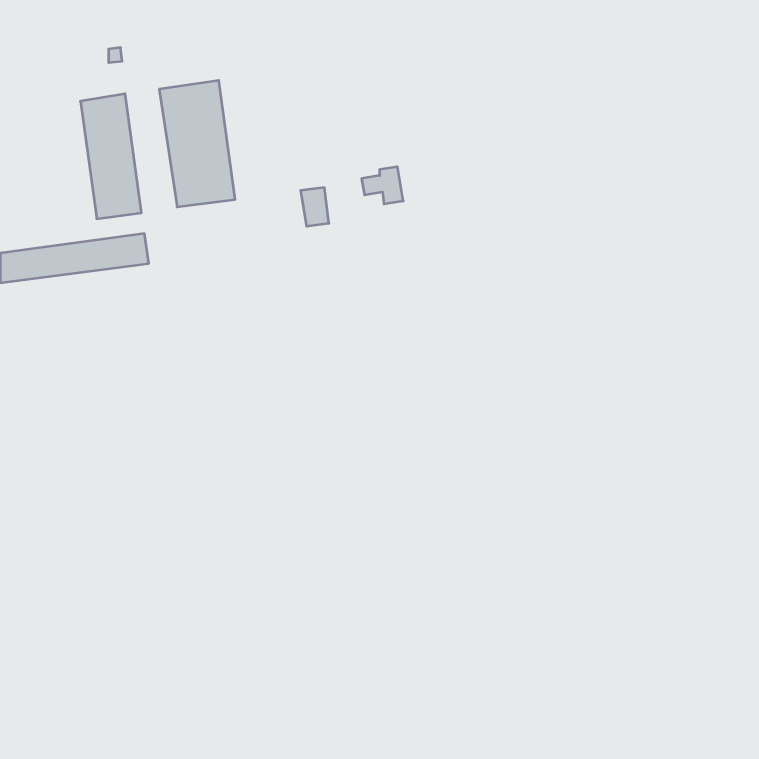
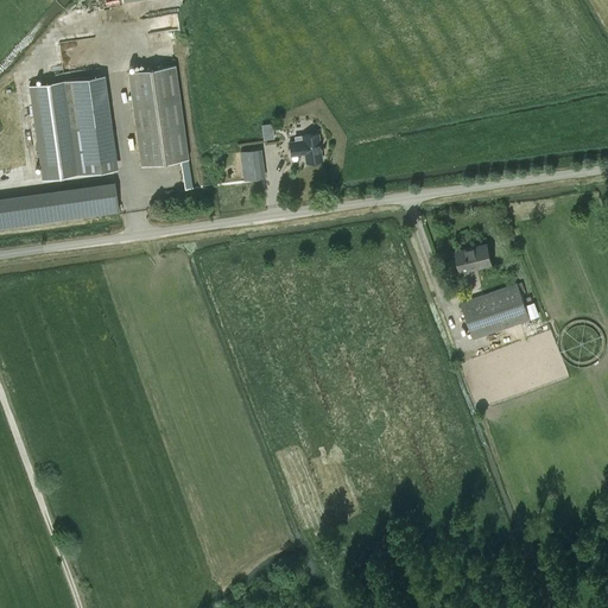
building: none -> [25,82,78,179]
building: none -> [457,245,493,272]
building: none -> [462,285,532,340]

